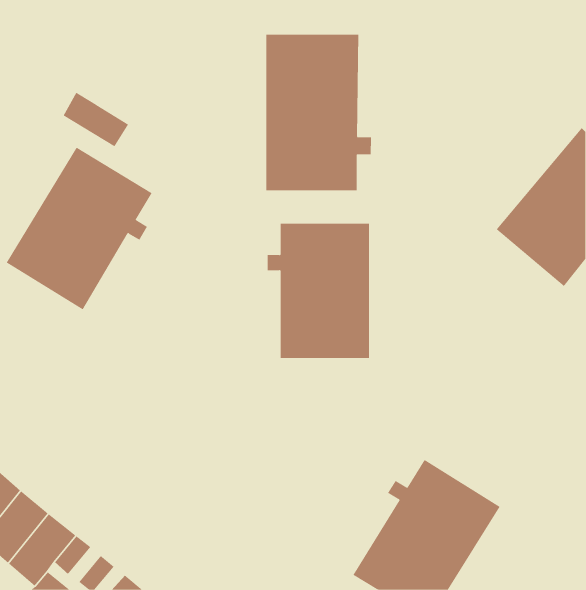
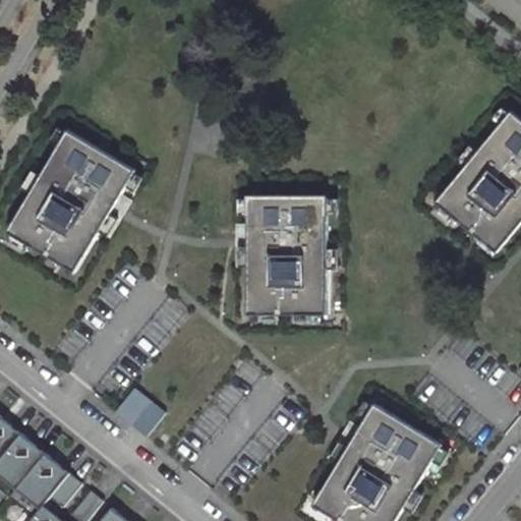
building: [266,34,371,191] -> none
building: [63,92,129,147] -> none
building: none -> [113,388,164,438]

